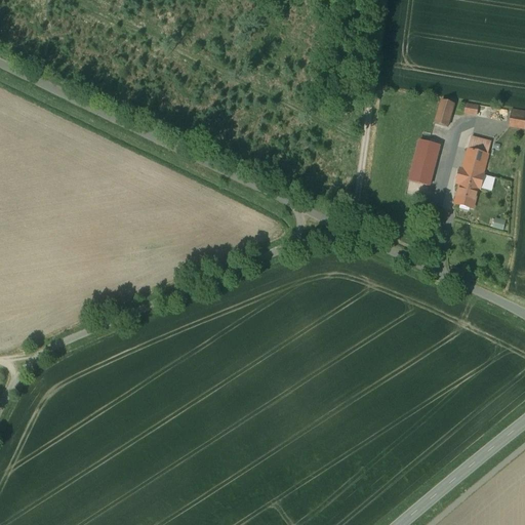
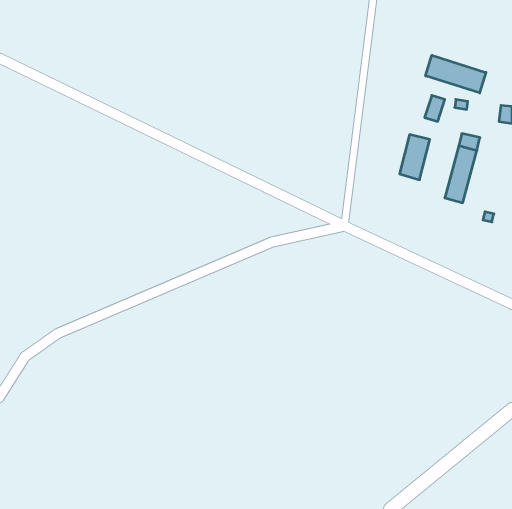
building: none -> [426,55,486,93]

